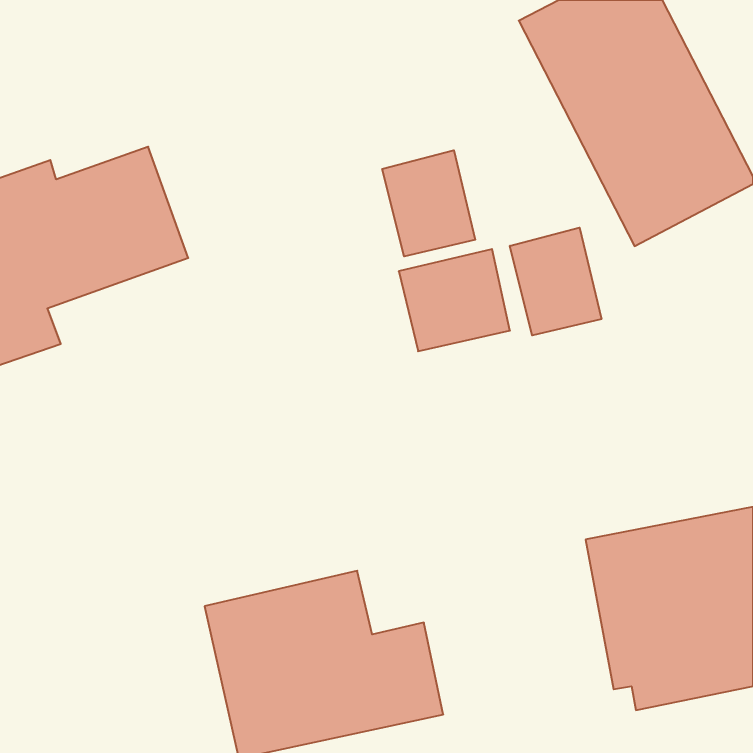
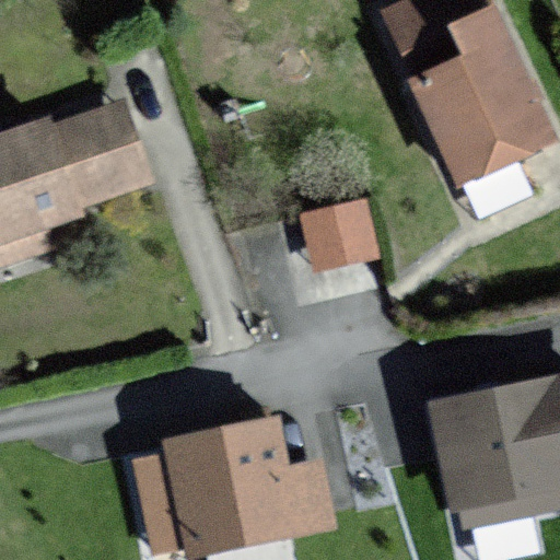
building: [382,150,475,256] -> none
building: [510,228,601,335] -> none

